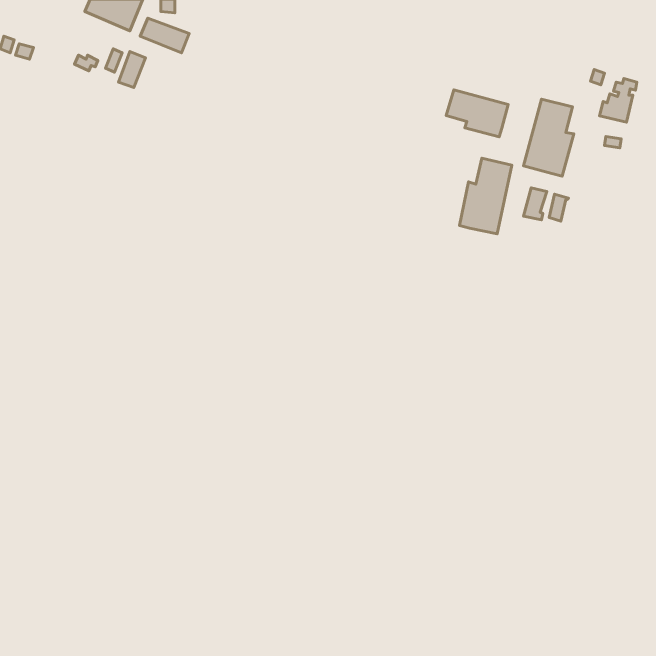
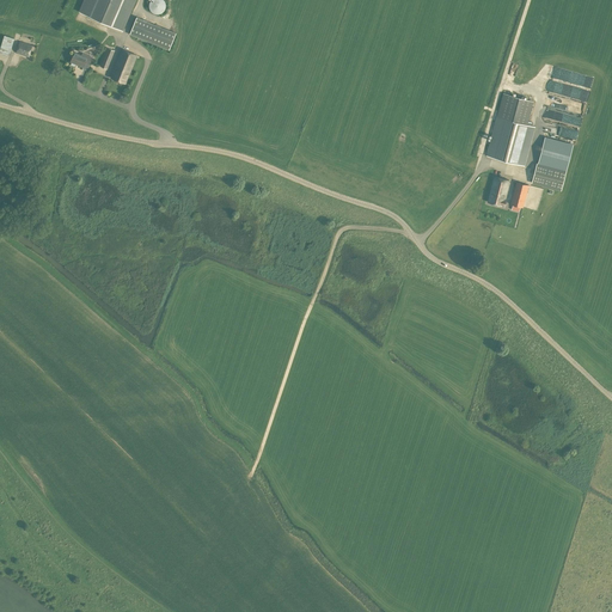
building: [446,90,508,137] -> none
building: none -> [531,136,573,189]
building: [459,158,512,234] -> none

